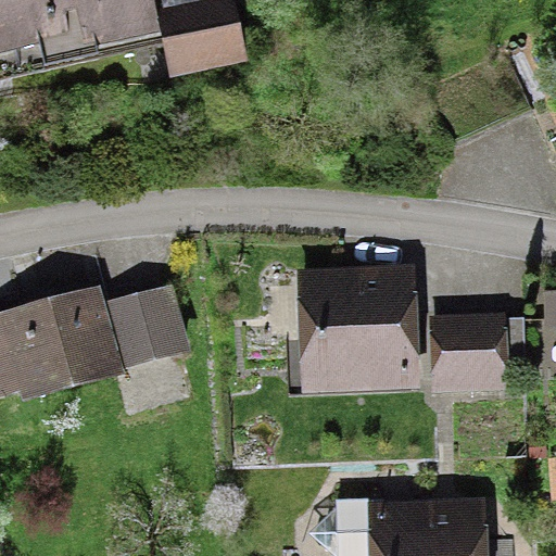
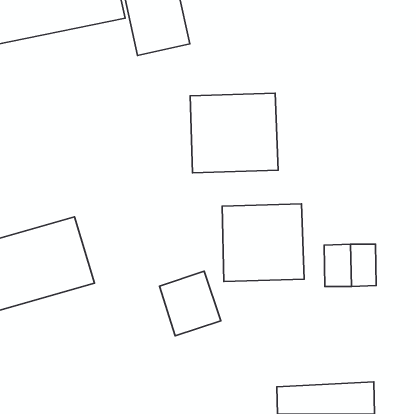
building: none -> [190,93,278,173]
building: [110,285,190,369] -> [160,271,221,336]

